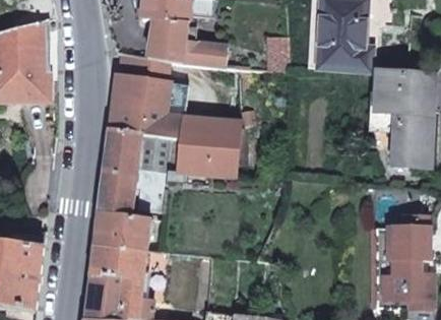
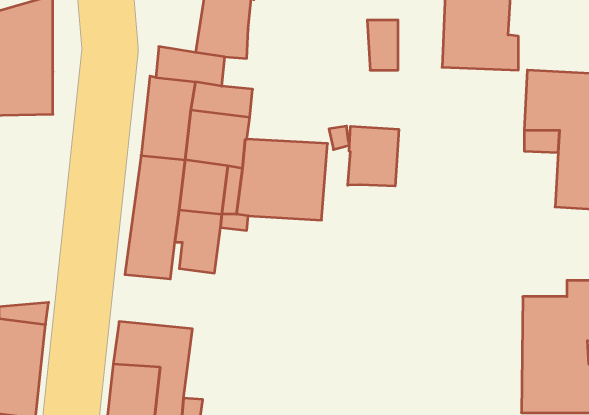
building: [183,43,226,67] -> none
building: none -> [348,126,399,186]
building: [95,212,149,250] -> none

